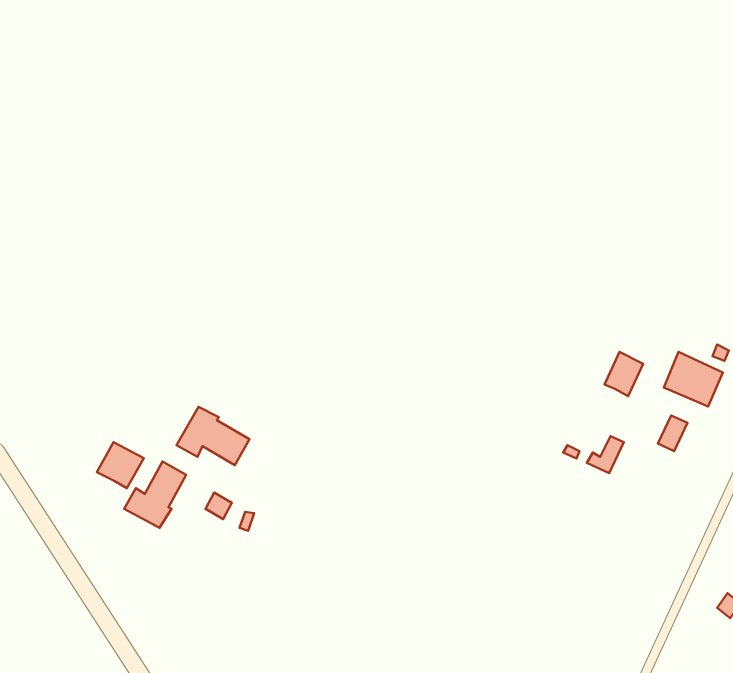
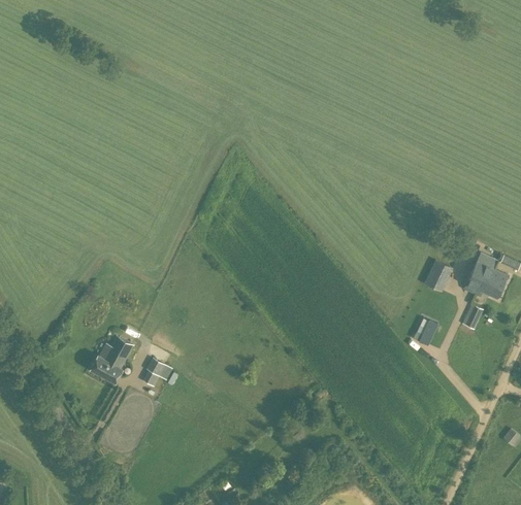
building: [176,407,249,465] -> none
building: [97,442,144,488] -> none

